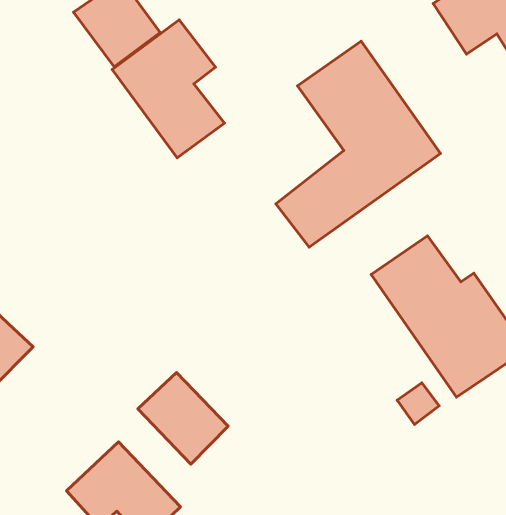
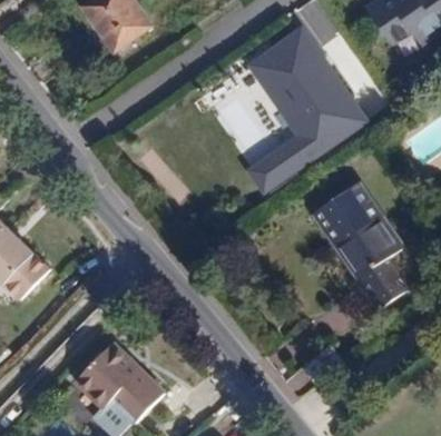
building: [112,20,224,158] -> none
building: [138,373,228,464] -> none

